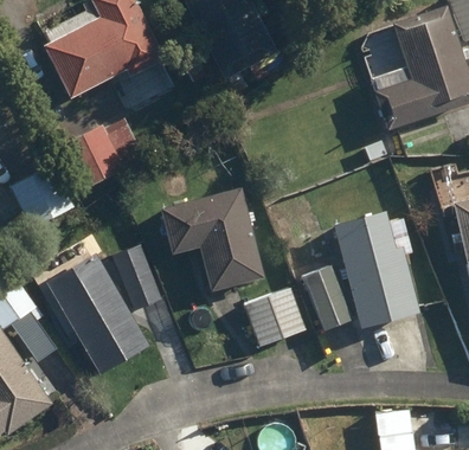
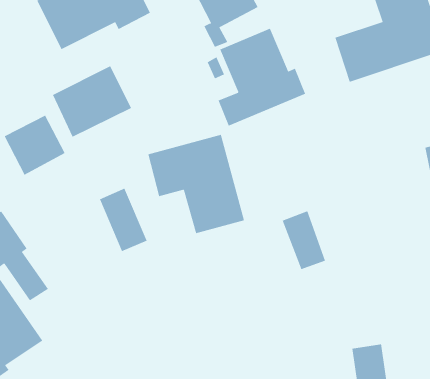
building: none -> [218,28,306,126]
building: [334,212,419,327] -> none
building: [46,253,149,373] -> none
building: [245,290,306,346] -> none

